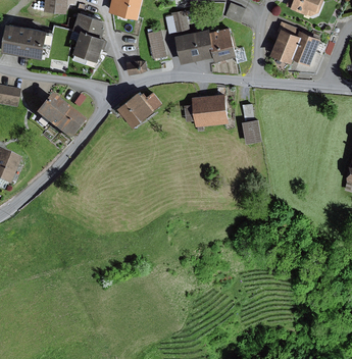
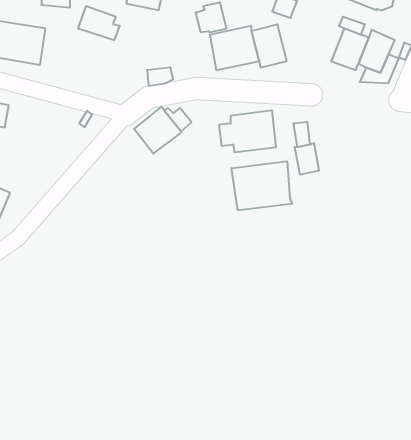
building: [148,30,167,58] -> none
building: [73,32,106,63] -> none
building: [36,94,85,140] -> none
building: none -> [231,161,292,210]

